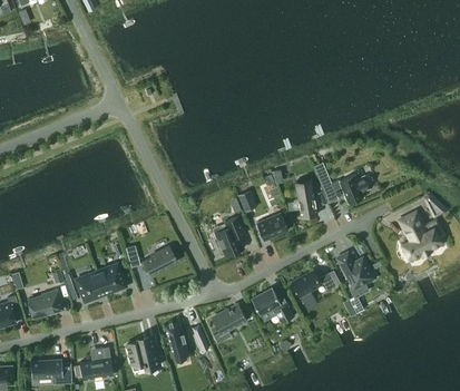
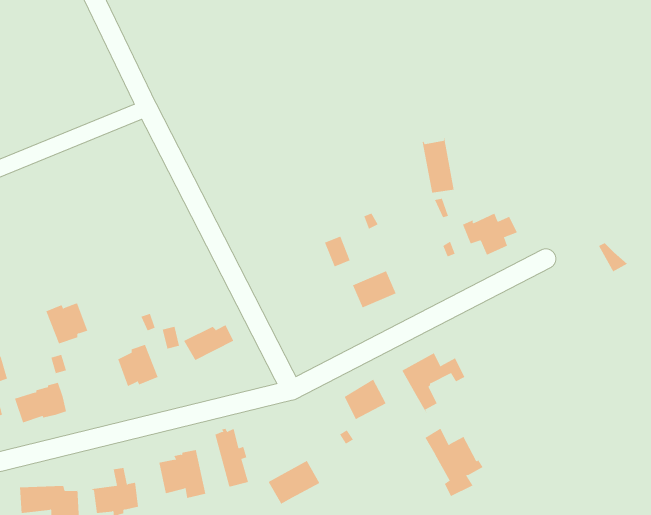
building: [294,179,316,217] -> [422,137,455,193]
building: [399,213,441,261] -> none
building: [215,216,244,255] -> none
building: [335,252,375,299] -> [424,428,483,497]
building: [75,272,104,302] -> [45,300,88,344]
building: [211,304,246,334] -> [268,460,320,505]

